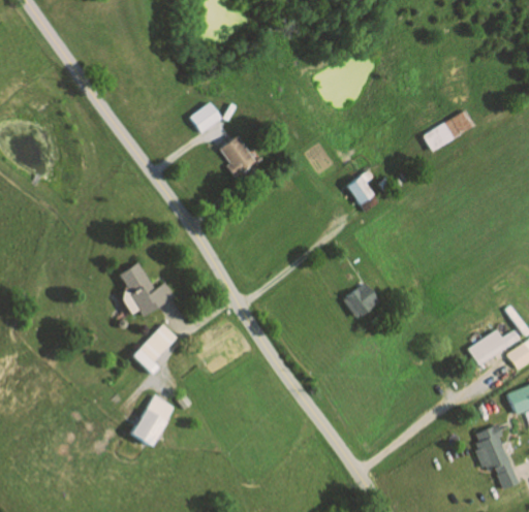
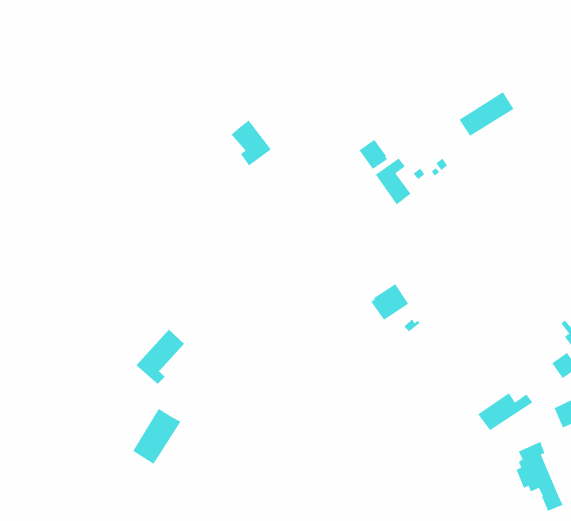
building: [190,101,221,132] -> none
building: none -> [359,139,388,170]
building: [118,261,175,318] -> none
building: [469,330,520,365] -> [477,392,533,431]

